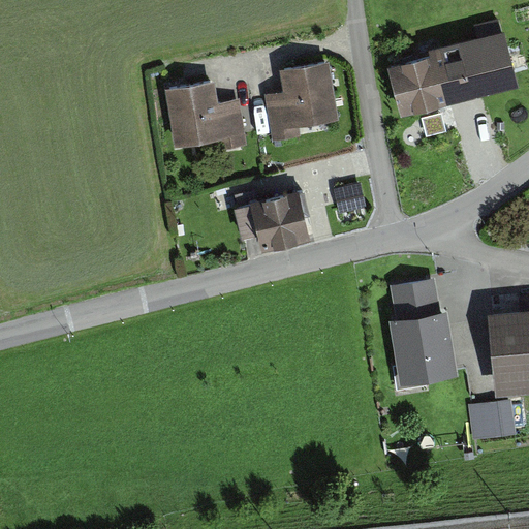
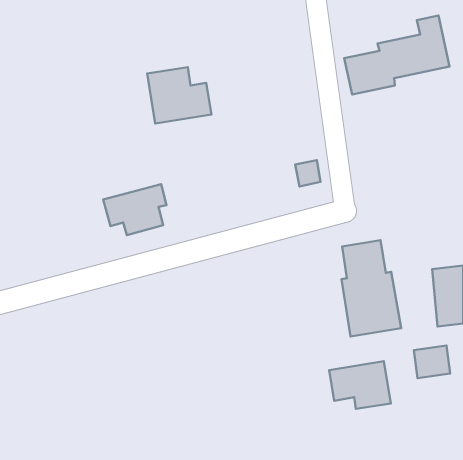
building: [263,65,338,144] -> none
building: [237,191,309,249] -> [103,184,167,235]
building: none -> [329,361,391,409]

